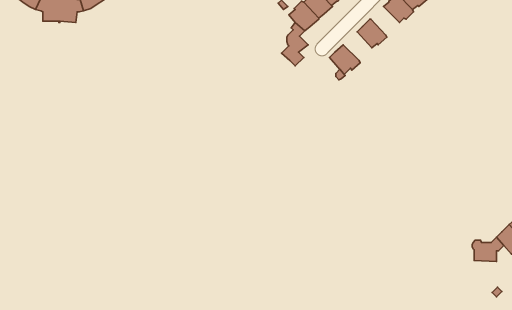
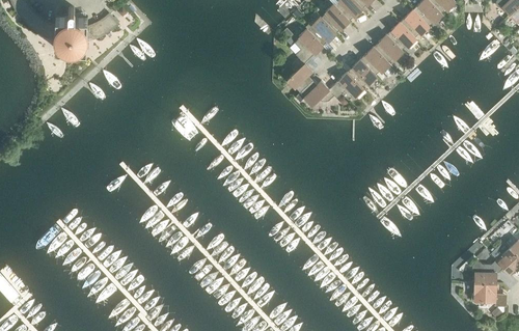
building: none -> [375,33,404,61]
building: none -> [348,58,377,86]
building: none -> [297,80,343,104]
building: none -> [472,281,497,302]

